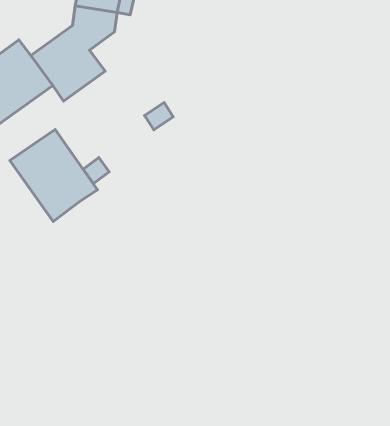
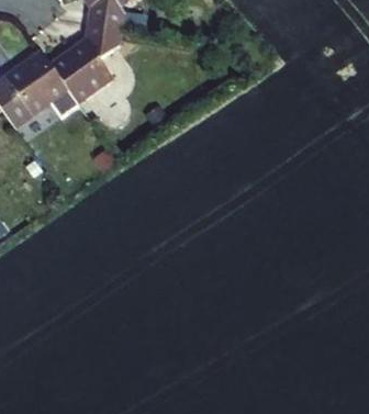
building: [10,129,98,221] -> none

